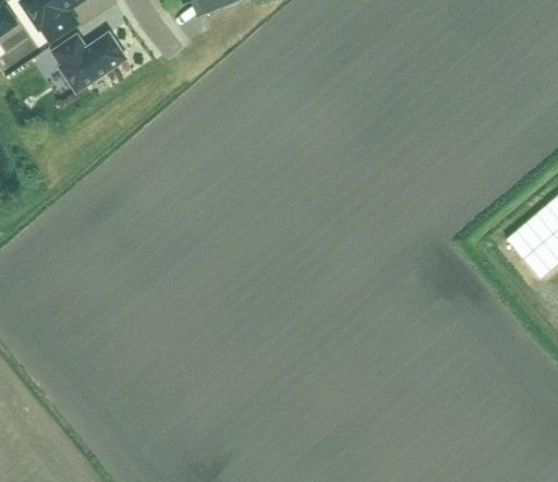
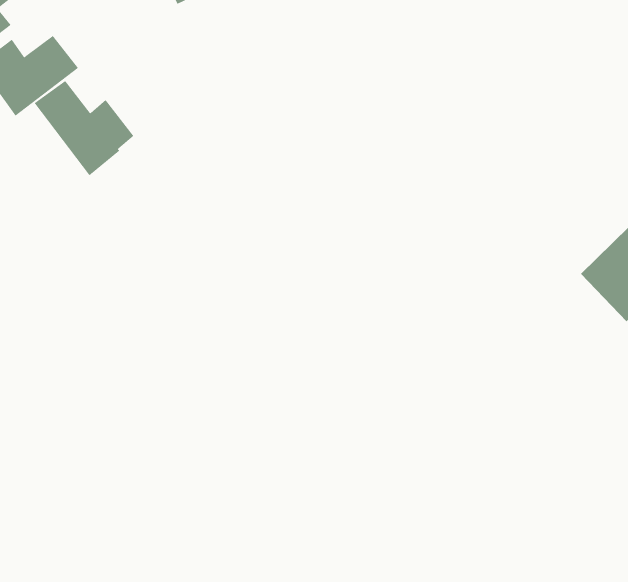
building: none -> [34,80,134,176]

